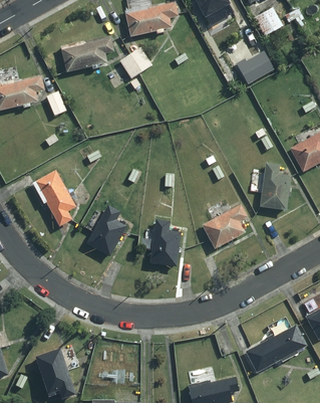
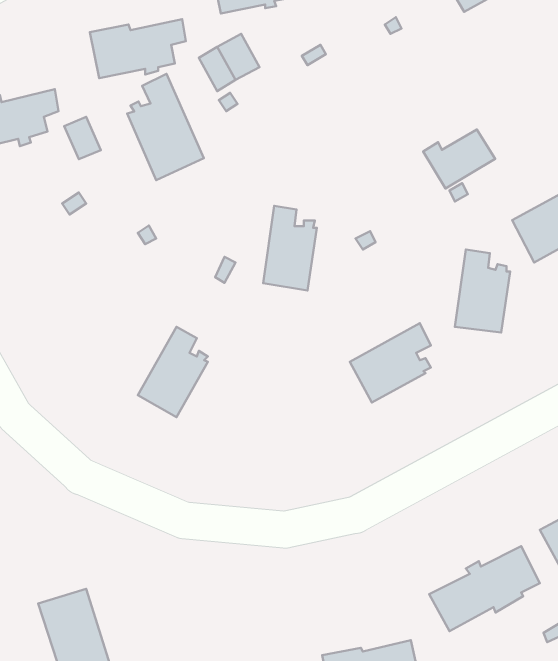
building: [237,51,276,83] -> [423,129,495,188]
building: none -> [127,74,204,180]
building: [35,171,75,225] -> none
building: [150,220,180,266] -> [263,206,317,291]

